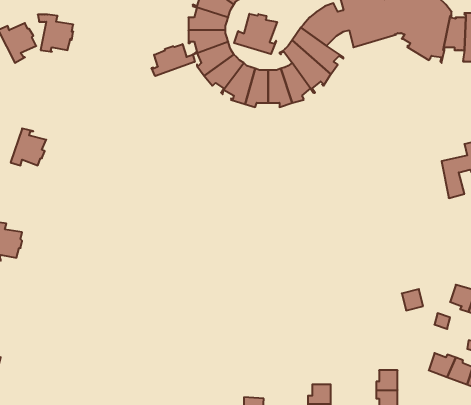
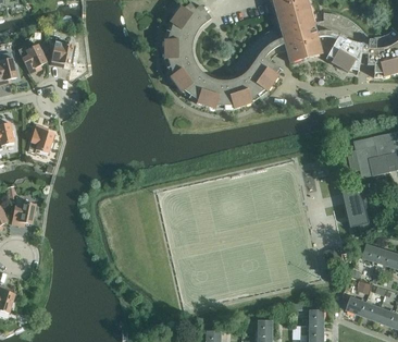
building: [234,14,277,54] -> none
building: [152,44,195,76] -> none
building: none -> [347,196,374,232]

